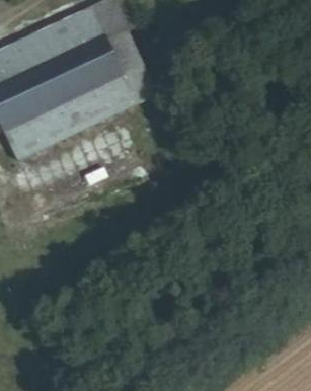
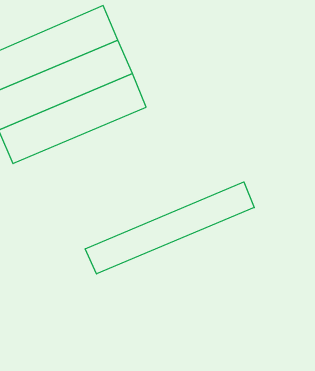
building: none -> [85,182,254,274]

